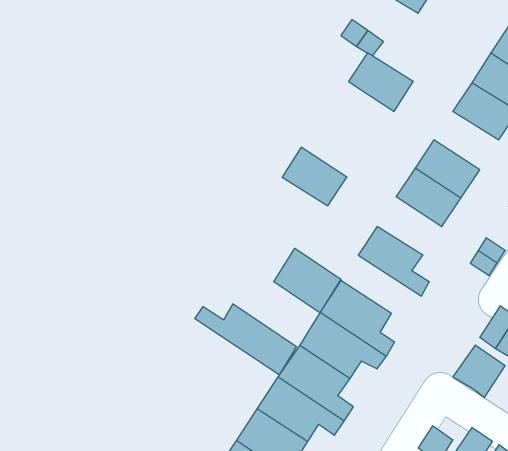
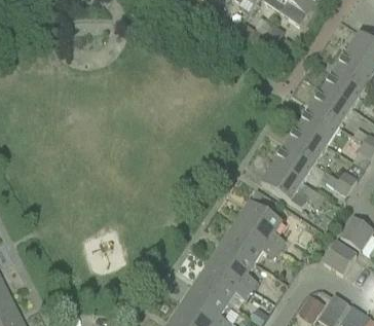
building: [349,53,413,111] -> [310,88,352,126]
building: [282,147,347,206] -> [273,144,315,182]
building: [274,248,341,313] -> none
building: [195,304,297,375] -> none

